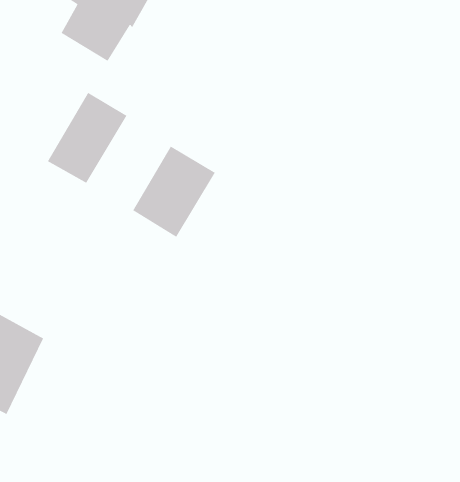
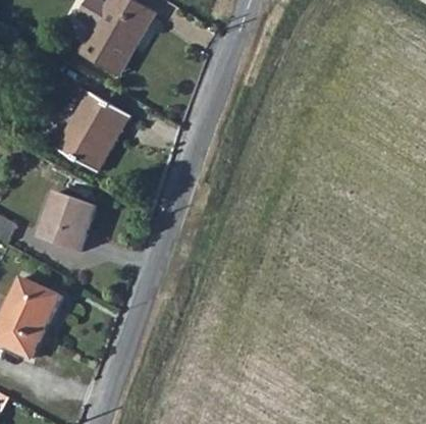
building: [132,145,216,238] -> none
building: none -> [42,191,92,252]

